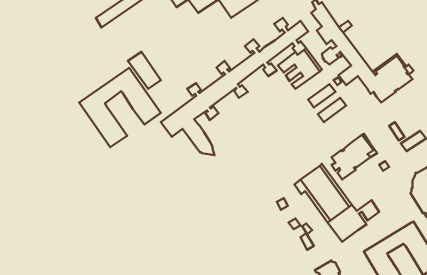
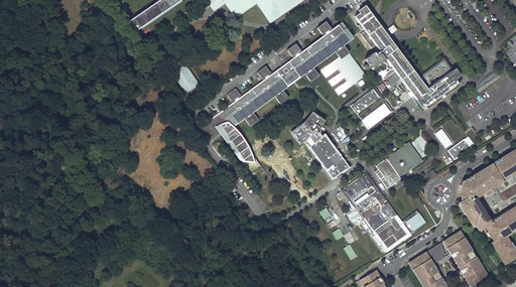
building: [79,68,161,147] -> none
building: none -> [291,112,348,178]

